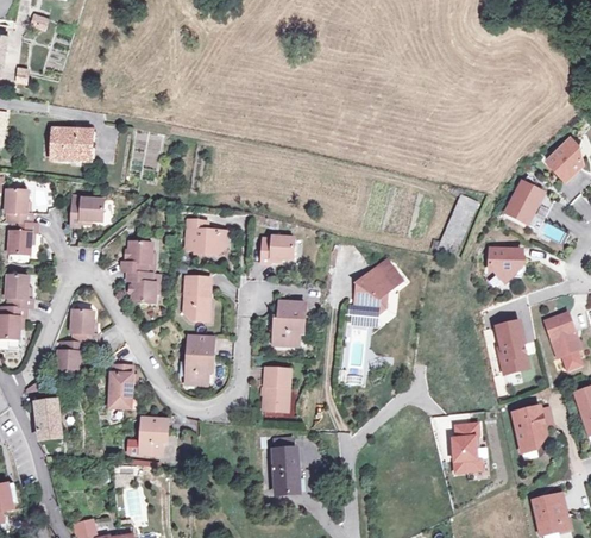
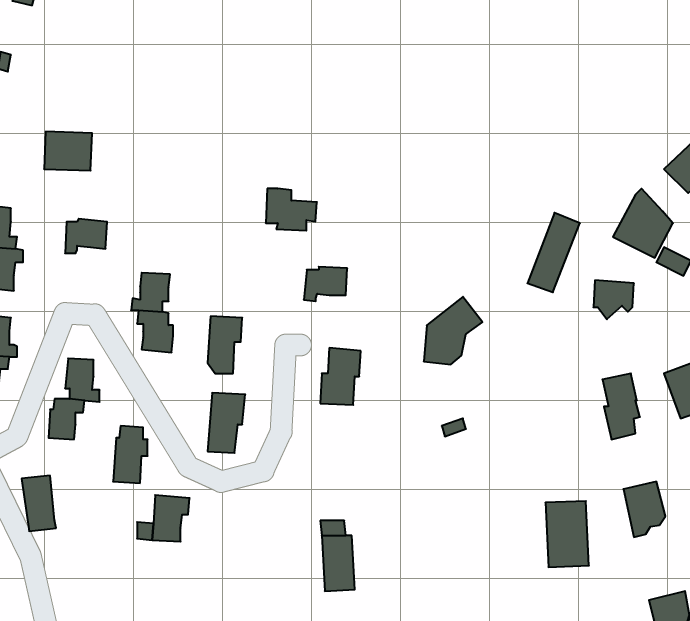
building: [186,220,226,254] -> [266,189,317,231]
building: [263,367,293,411] -> none

